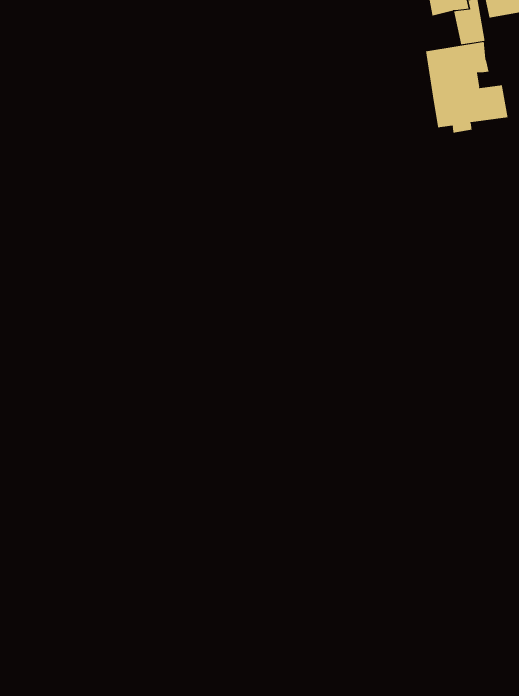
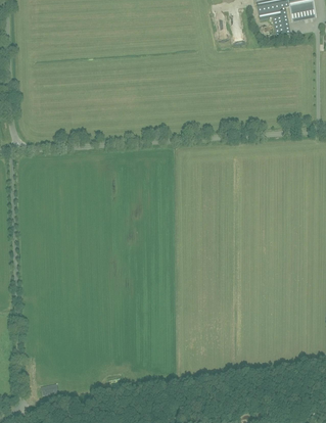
building: [425,41,508,134] -> none

